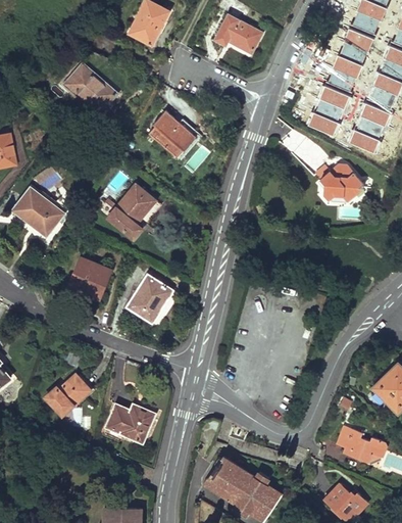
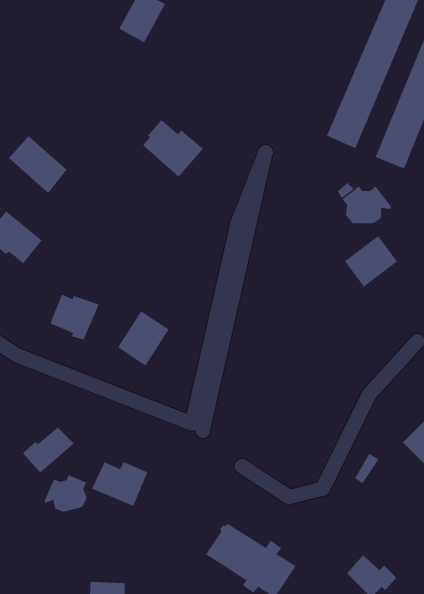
building: [214,14,262,53] -> none
building: [65,64,116,114] -> [8,135,68,194]
building: [99,183,156,239] -> none
building: none -> [344,235,398,288]
building: none -> [44,474,87,512]
building: [336,426,374,463] -> none

